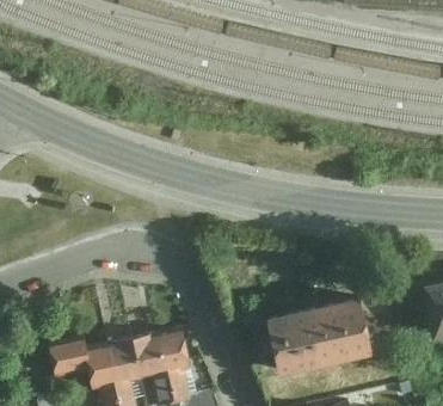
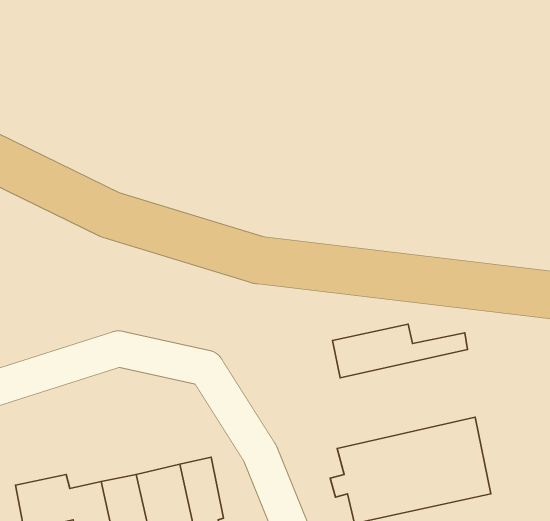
building: none -> [333,324,467,378]

